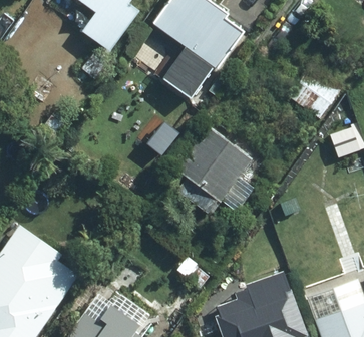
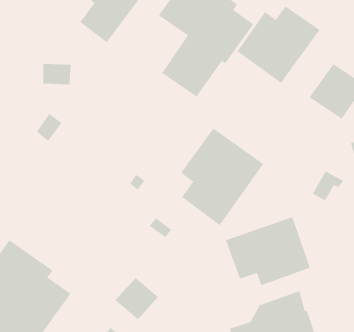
building: none -> [236,5,320,84]
building: none -> [225,216,311,286]

